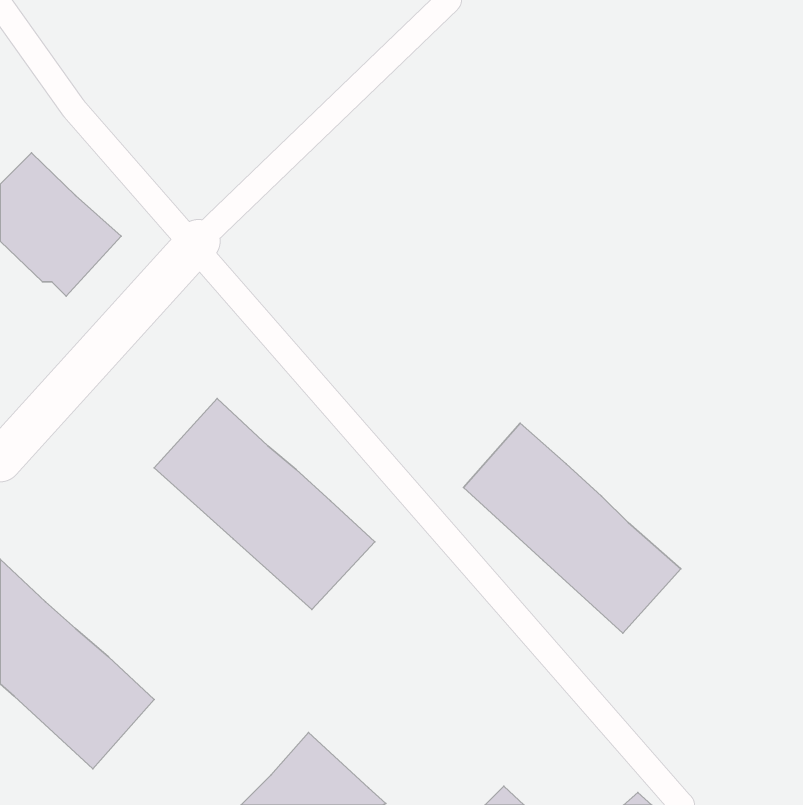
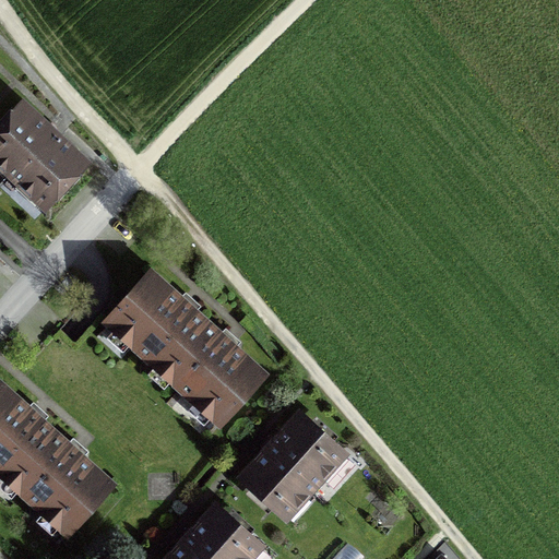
building: [464,423,681,633] -> none
building: none -> [236,400,357,522]

